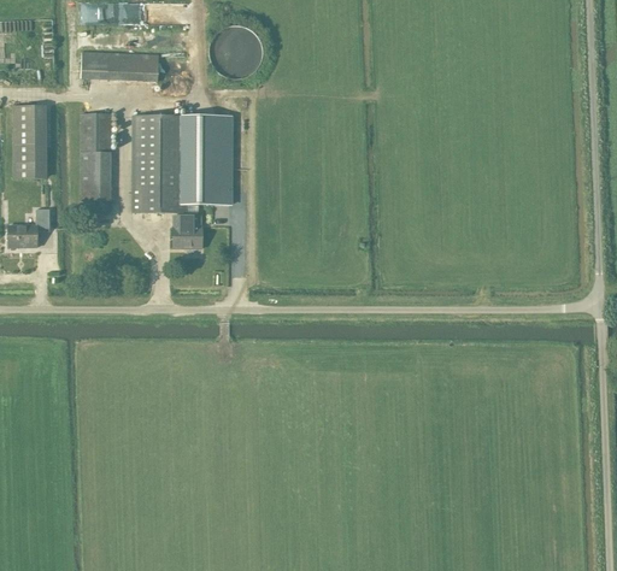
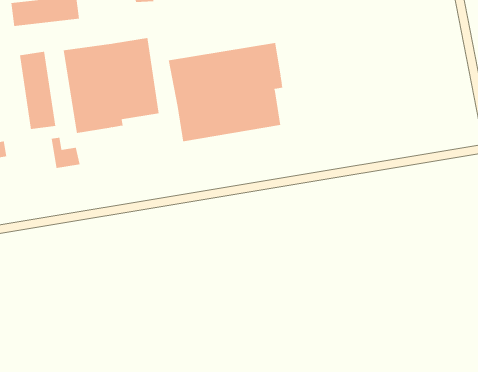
building: none -> [168,42,283,142]
building: [174,212,202,247] -> [51,137,80,168]

